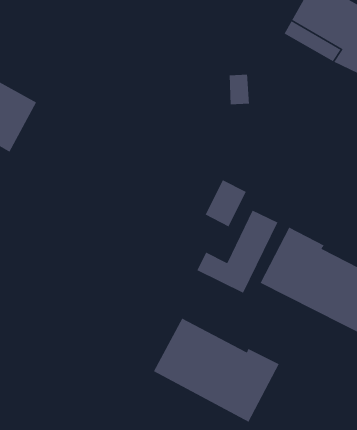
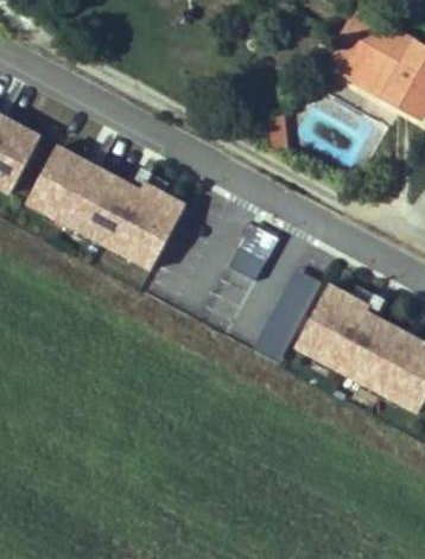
building: none -> [31,154,190,278]
building: [153,318,280,423] -> none

